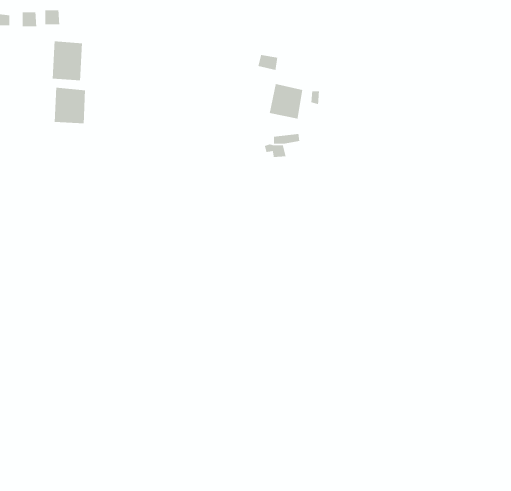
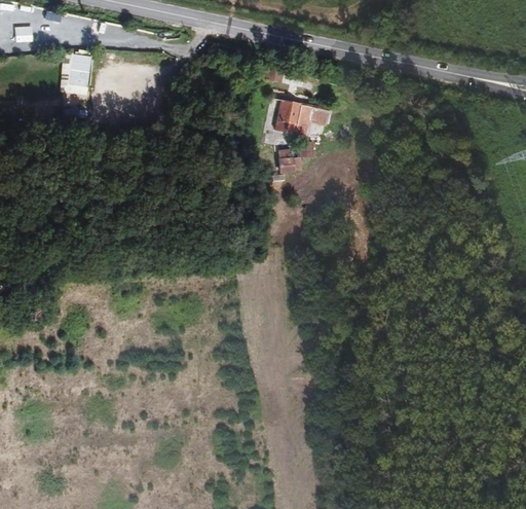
building: [54,87,86,124] -> none

